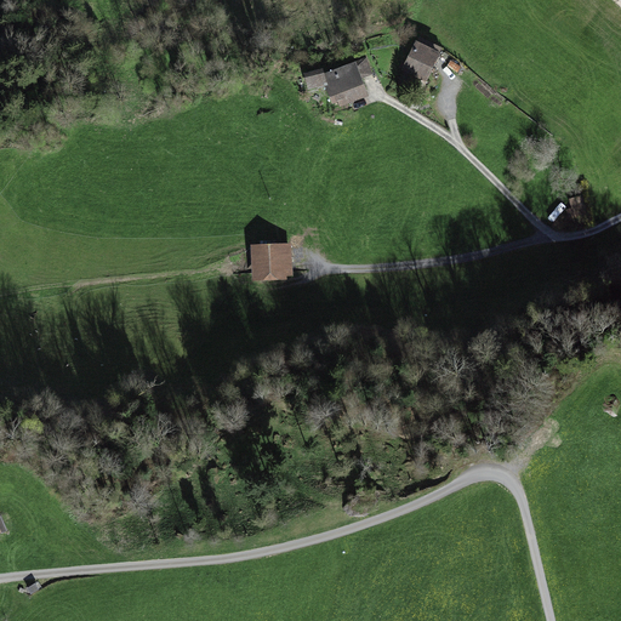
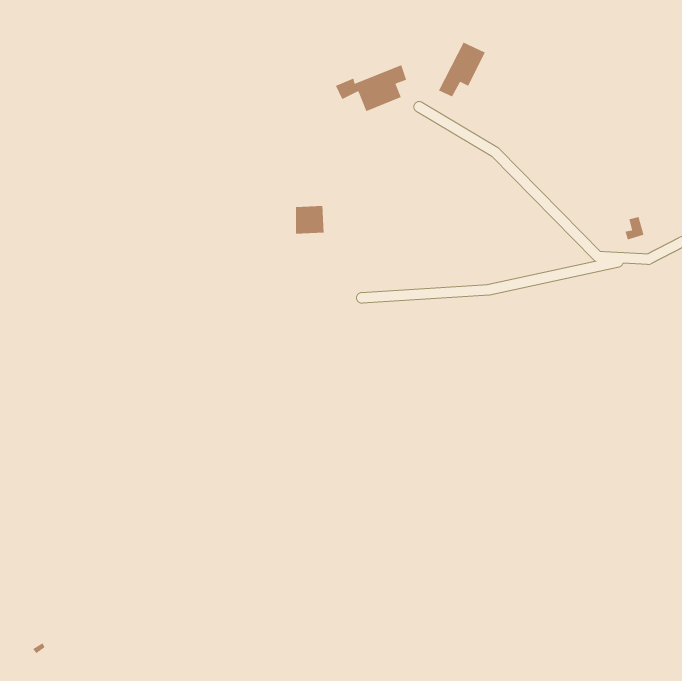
building: [257,246,284,273] -> [295,205,325,234]

